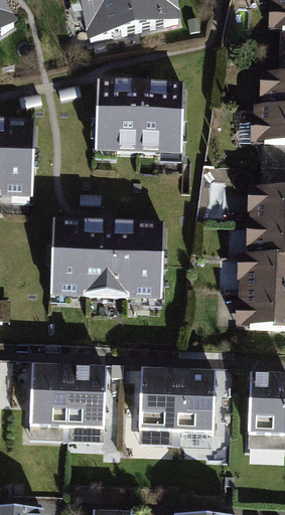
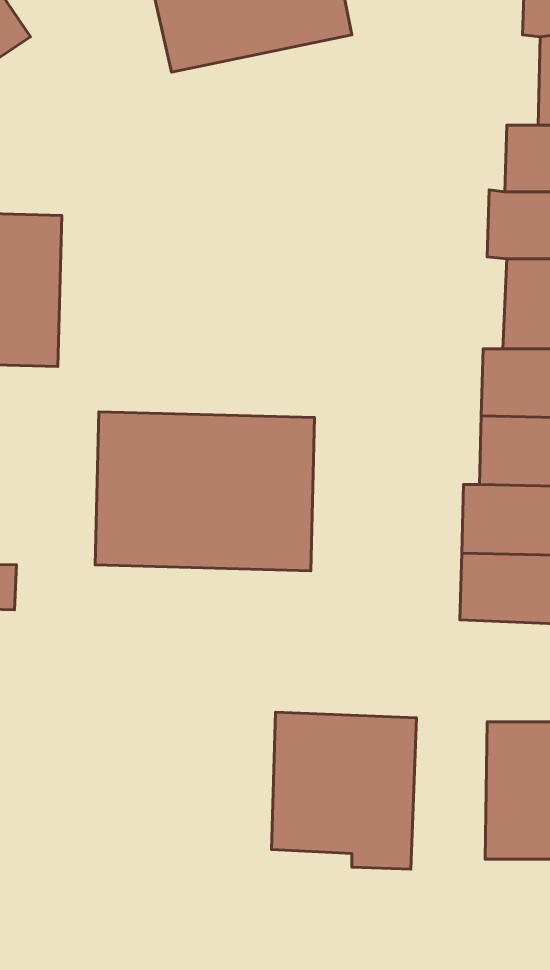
building: [97,80,184,161] -> none
building: [26,366,105,441] -> none

